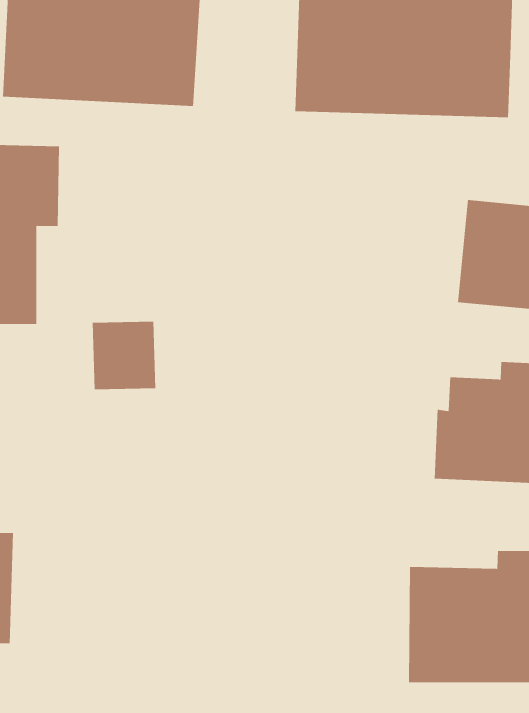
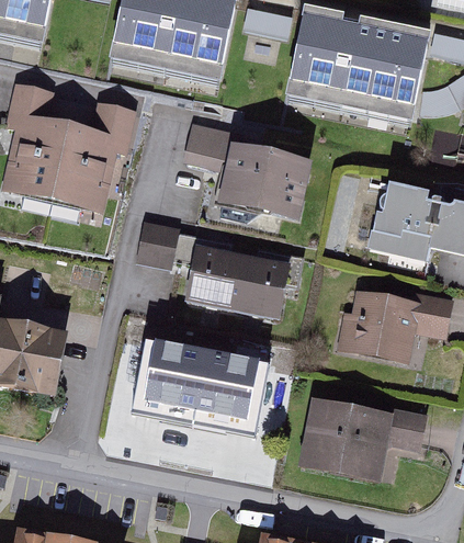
building: none -> [182,117,314,223]
building: none -> [184,247,291,319]
building: none -> [129,341,270,439]

